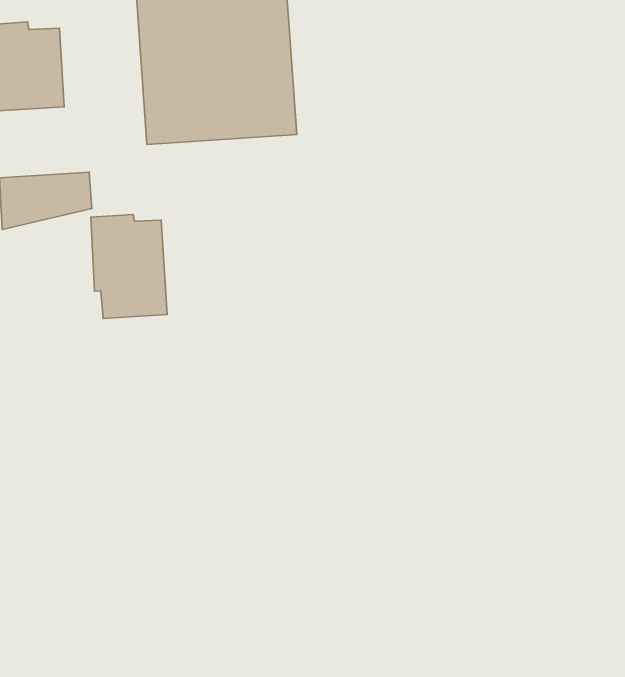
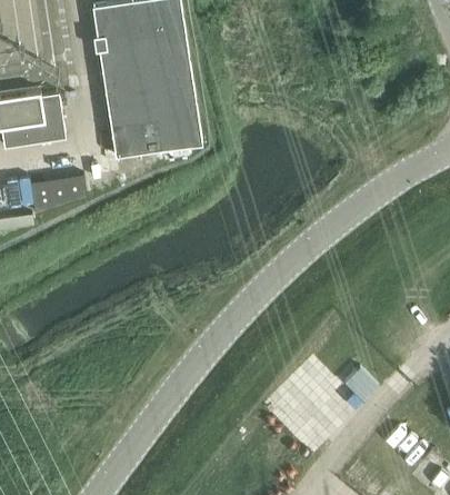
building: [91,214,167,319] -> none

